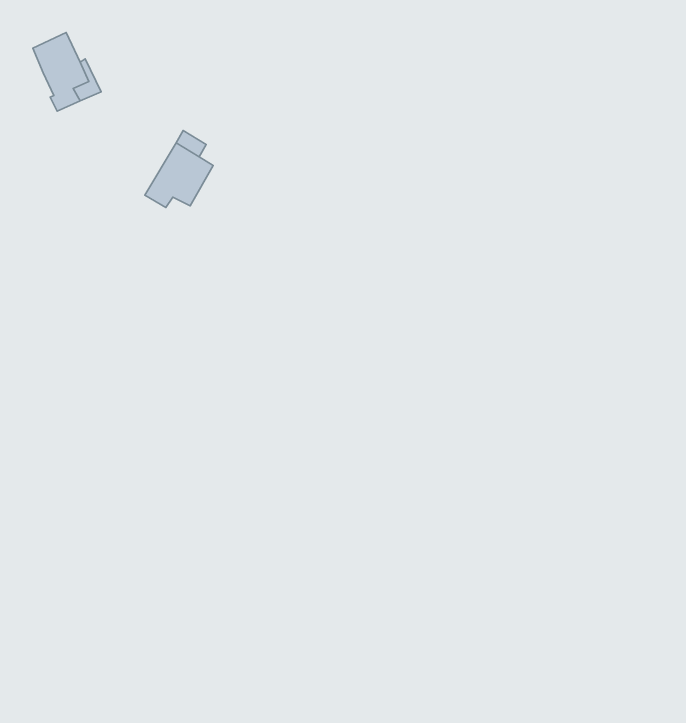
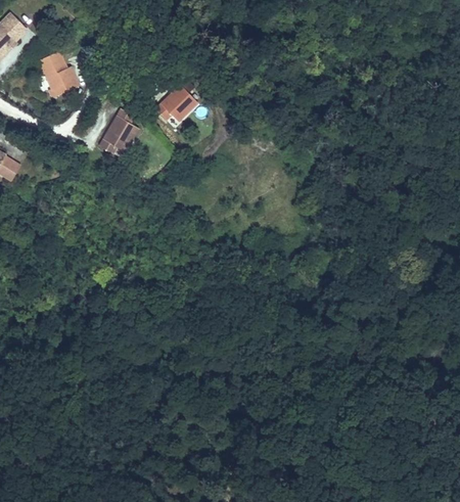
building: none -> [158,82,202,119]

